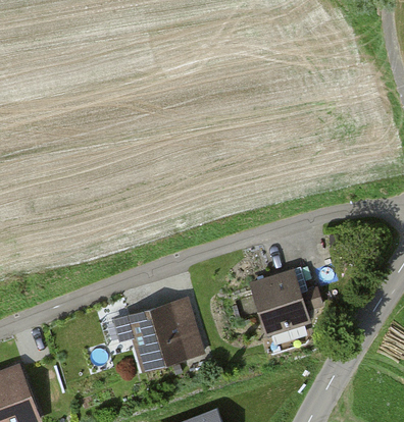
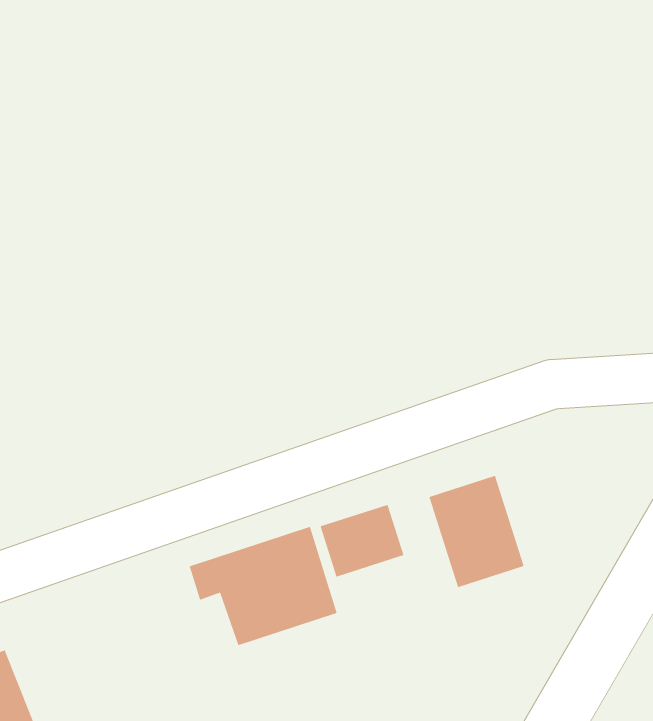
building: none -> [320,504,404,577]

